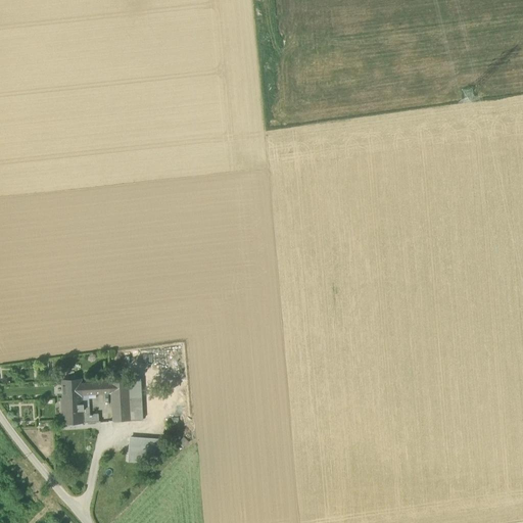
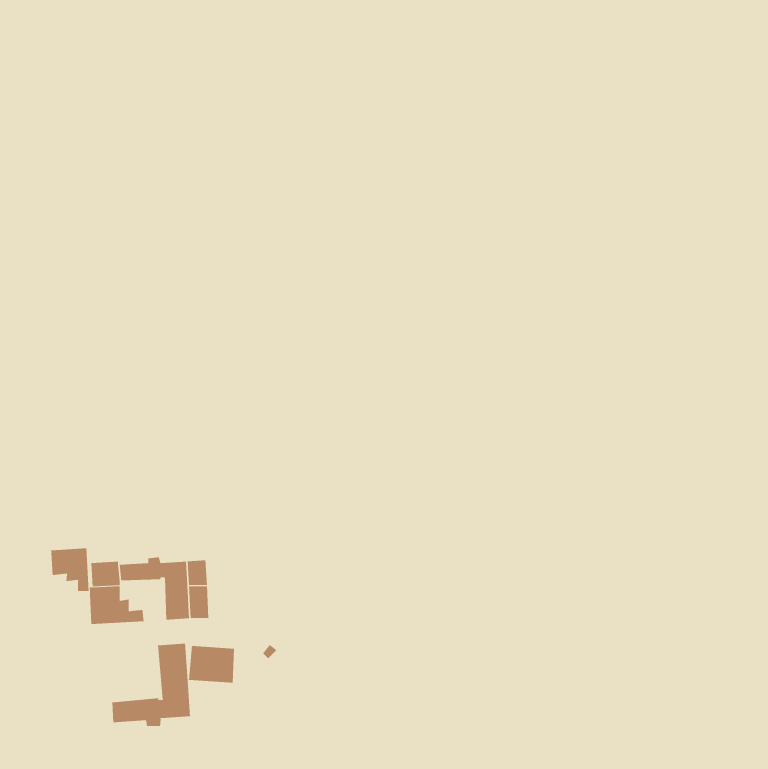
building: none -> [51,547,89,592]
building: none -> [112,643,191,727]

